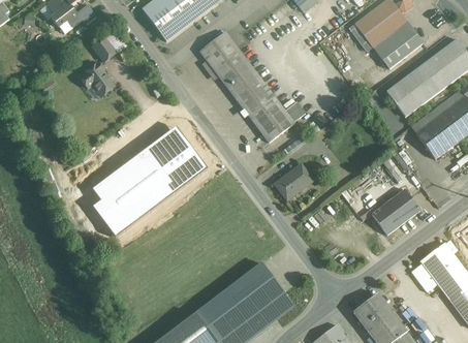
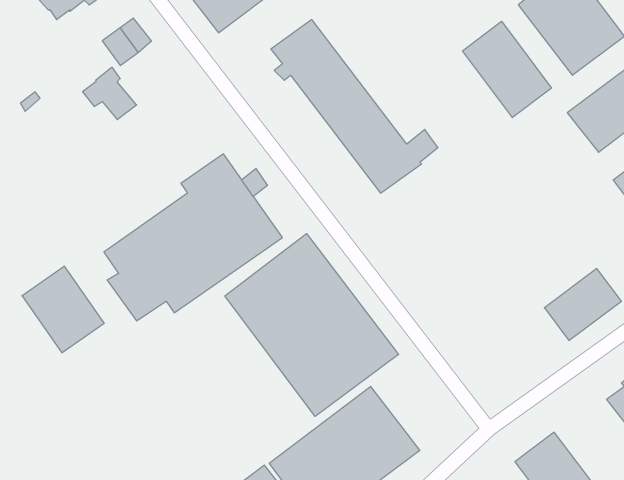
building: none -> [463,21,551,118]
building: [275,163,313,199] -> none
building: none -> [225,234,399,416]
building: none -> [22,266,104,353]

